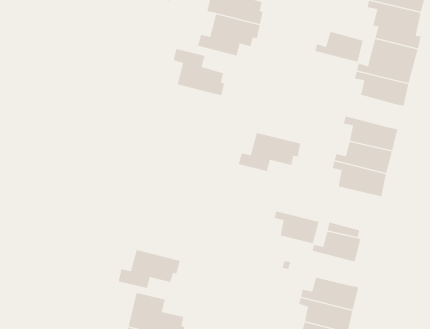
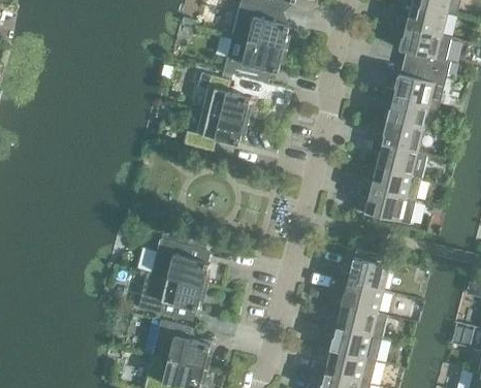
building: [314,31,363,63] -> [372,120,421,152]
building: [238,132,301,172] -> [183,109,247,150]
building: [274,210,320,244] -> [335,278,382,312]
building: none -> [151,237,209,287]

